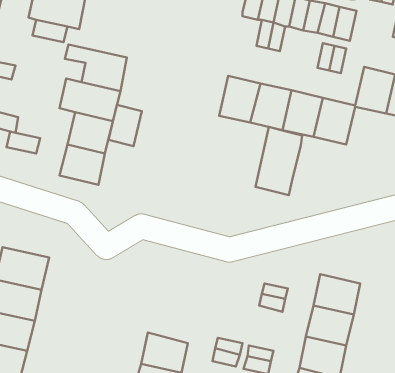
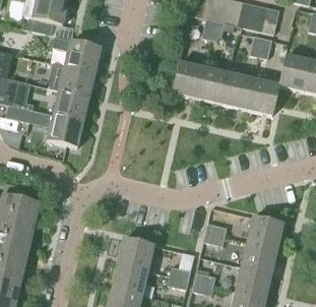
building: [109,105,142,146] -> none
building: [256,127,302,195] -> none
building: none -> [117,238,154,270]

